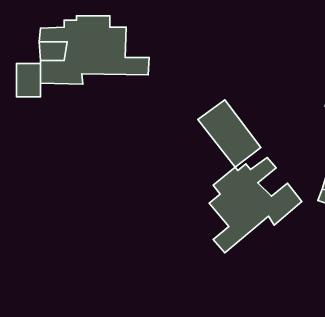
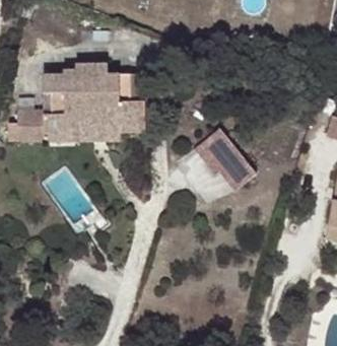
building: none -> [46,106,151,128]
building: [209,158,302,253] -> none

